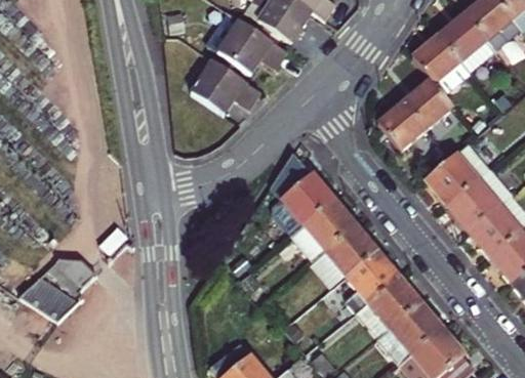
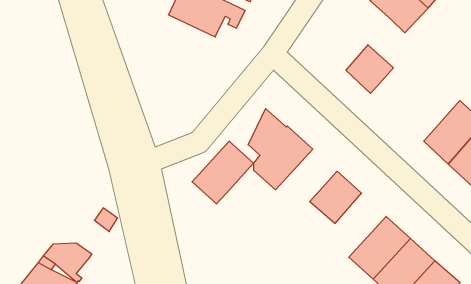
building: [192,60,258,114] -> none
building: [404,79,453,128] -> none
building: [425,144,489,206] -> none
building: [291,199,356,260] -> [192,141,254,204]
building: [346,250,399,312] -> none

